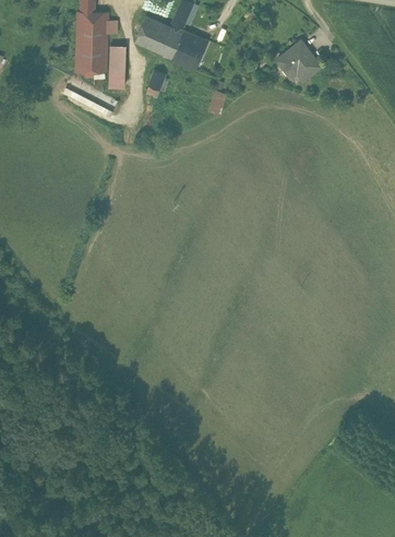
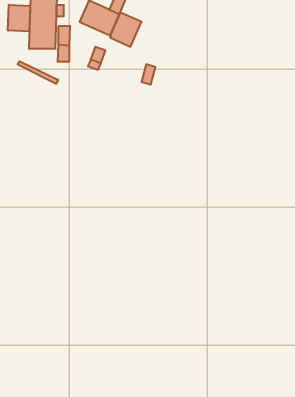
building: none -> [8,5,30,32]
building: [275,37,327,83] -> none

